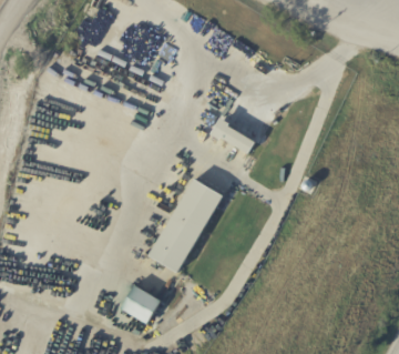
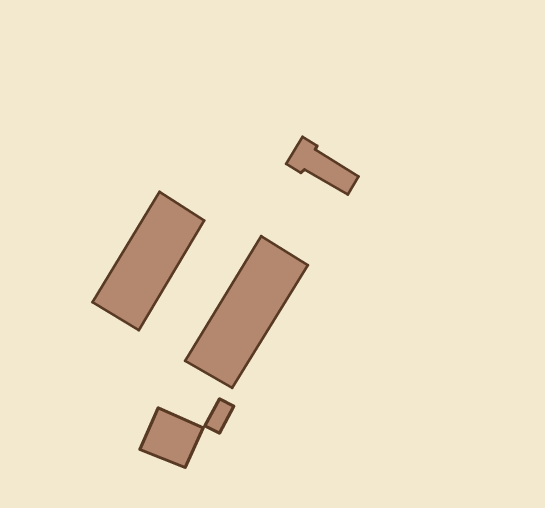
building: none -> [92,192,204,330]

